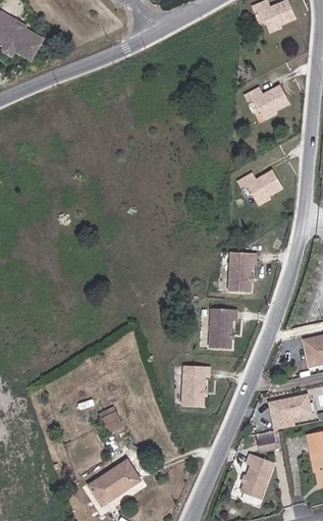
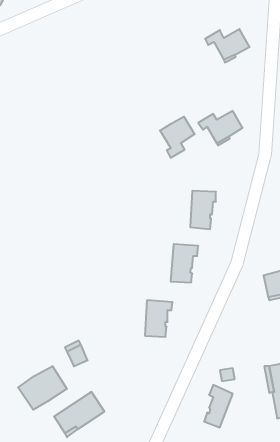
building: none -> [160,117,195,158]
building: [267,390,316,426] -> none
building: none -> [18,366,67,410]

